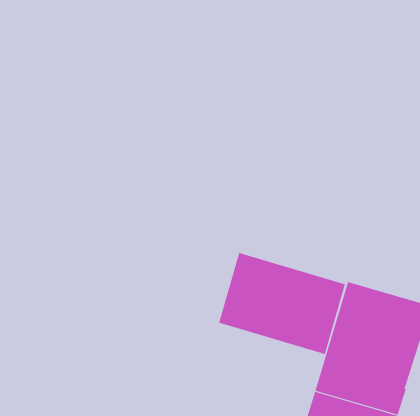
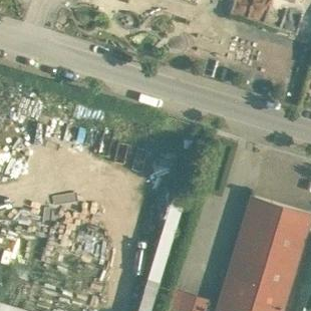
building: [219,252,346,355] -> none

